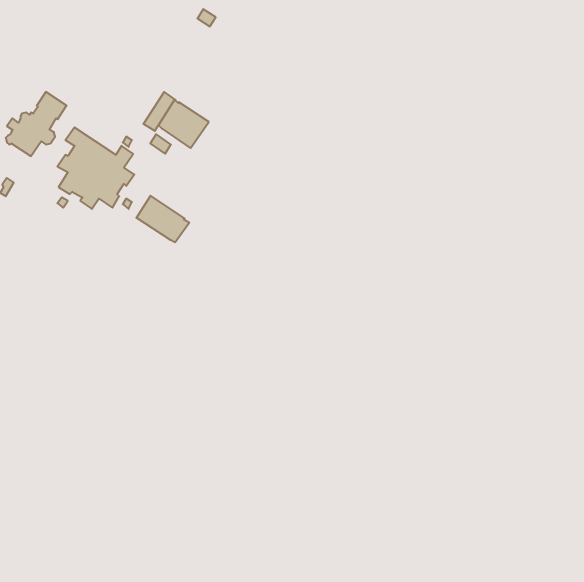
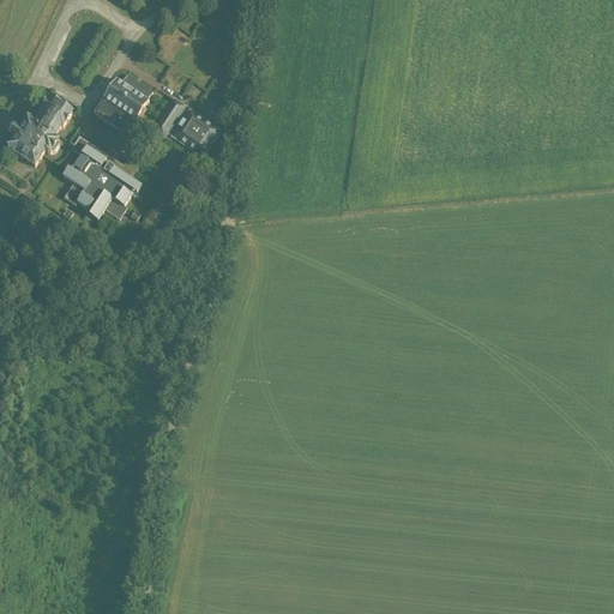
building: none -> [92,73,151,132]
building: [136,196,189,242] -> none

